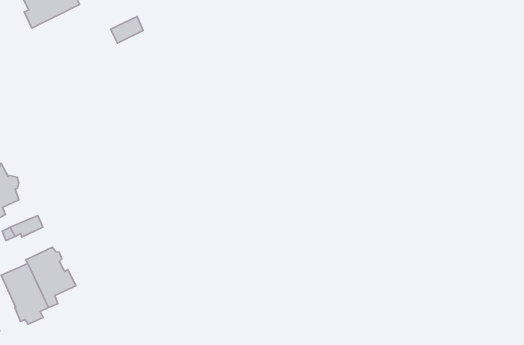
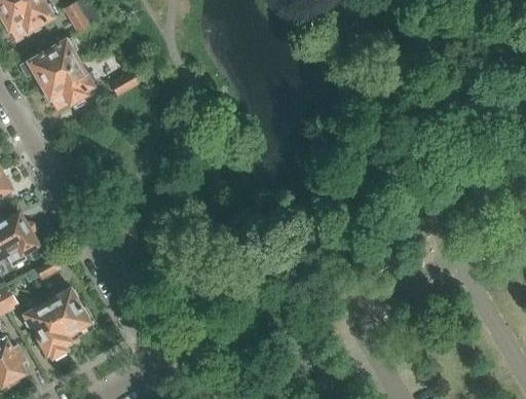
building: none -> [36,63,97,108]

